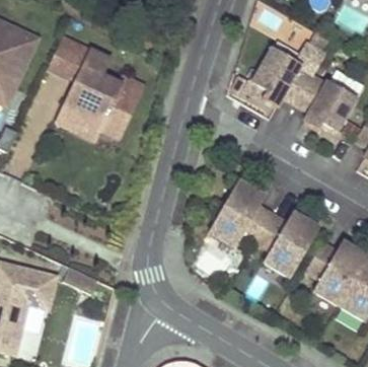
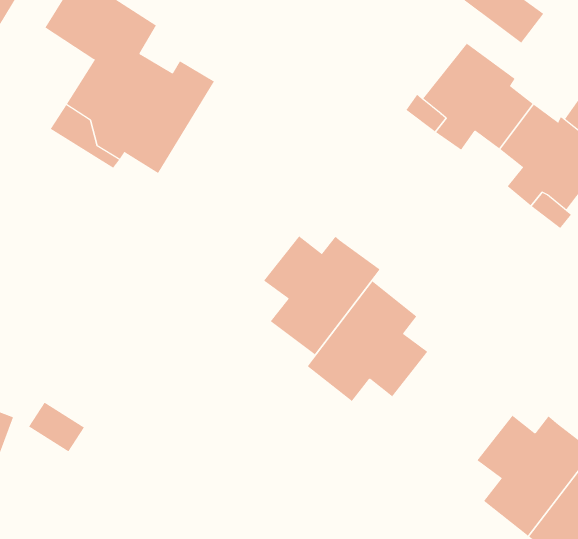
building: [256,212,318,277] -> [263,235,380,355]

